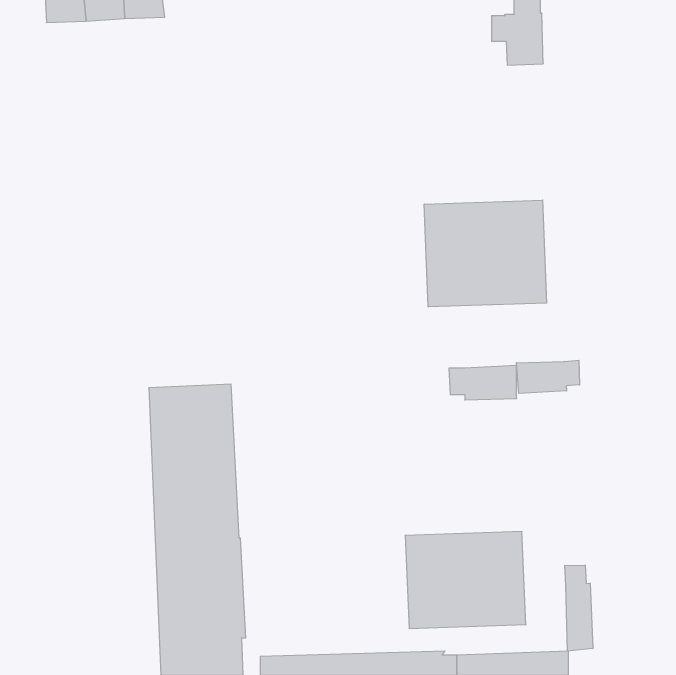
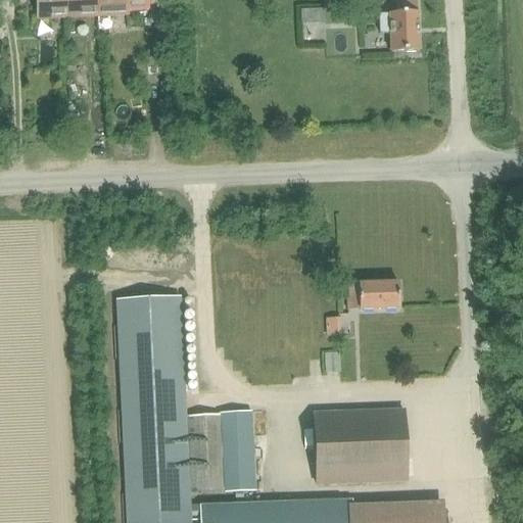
building: [424,200,547,307] -> none
building: [516,360,580,393] -> none
building: none -> [187,411,256,490]
building: [565,565,593,651] -> none

